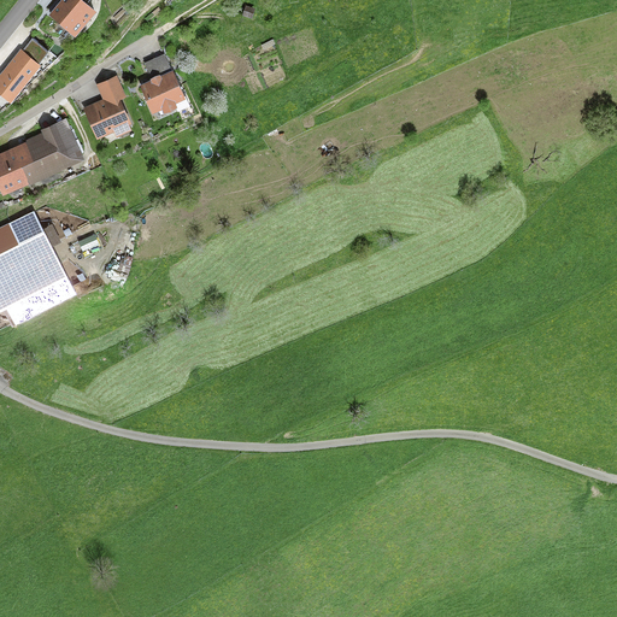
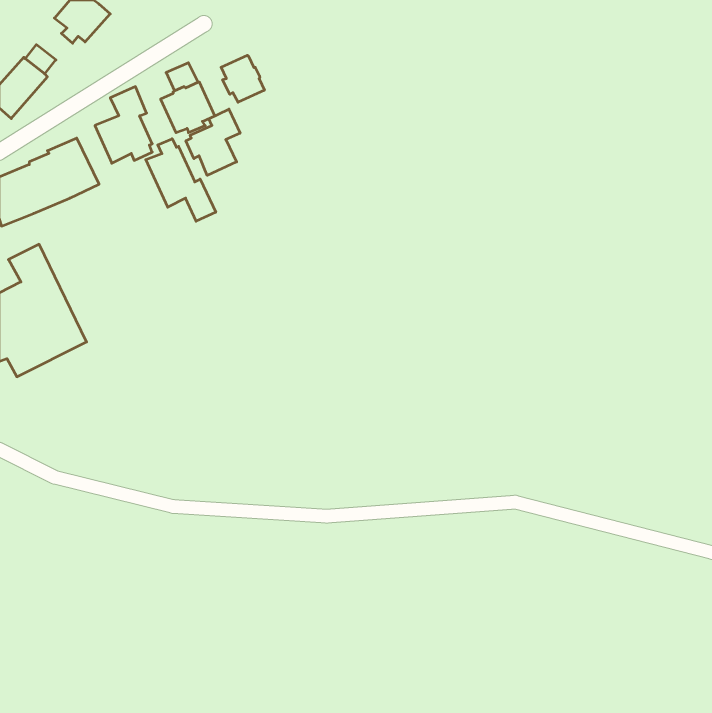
building: none -> [221,55,264,102]
building: none -> [186,109,240,175]
building: none -> [146,139,216,221]

